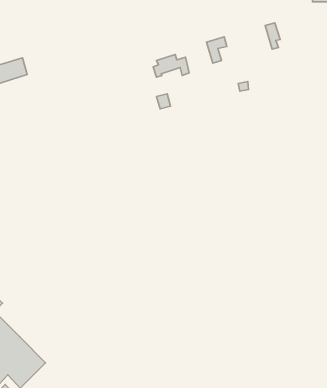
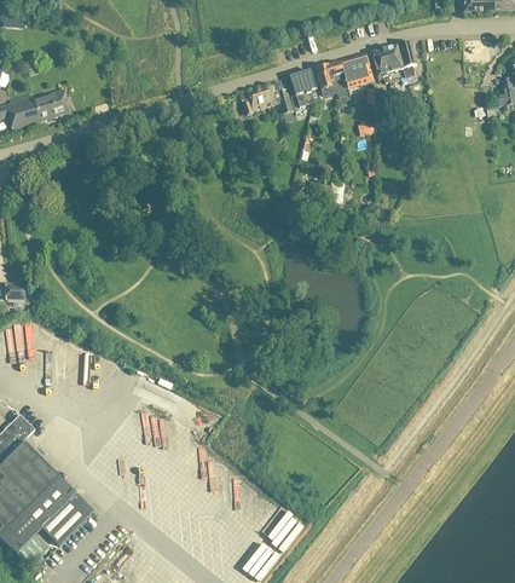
building: none -> [371,44,403,82]
building: none -> [340,52,372,87]
building: none -> [289,68,319,105]

